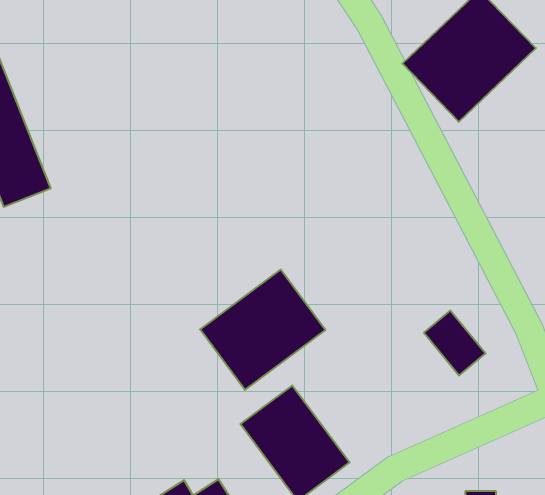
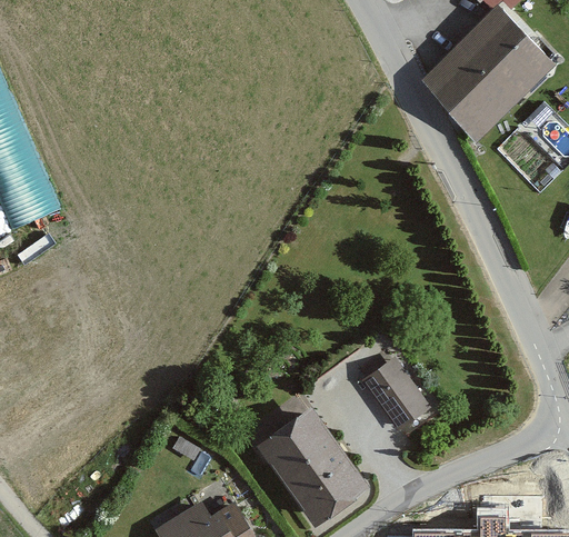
building: [200,270,325,390] -> none
building: [424,311,486,376] -> [365,360,427,426]

